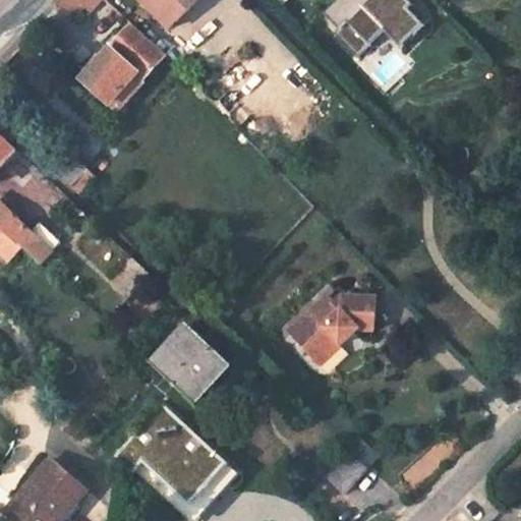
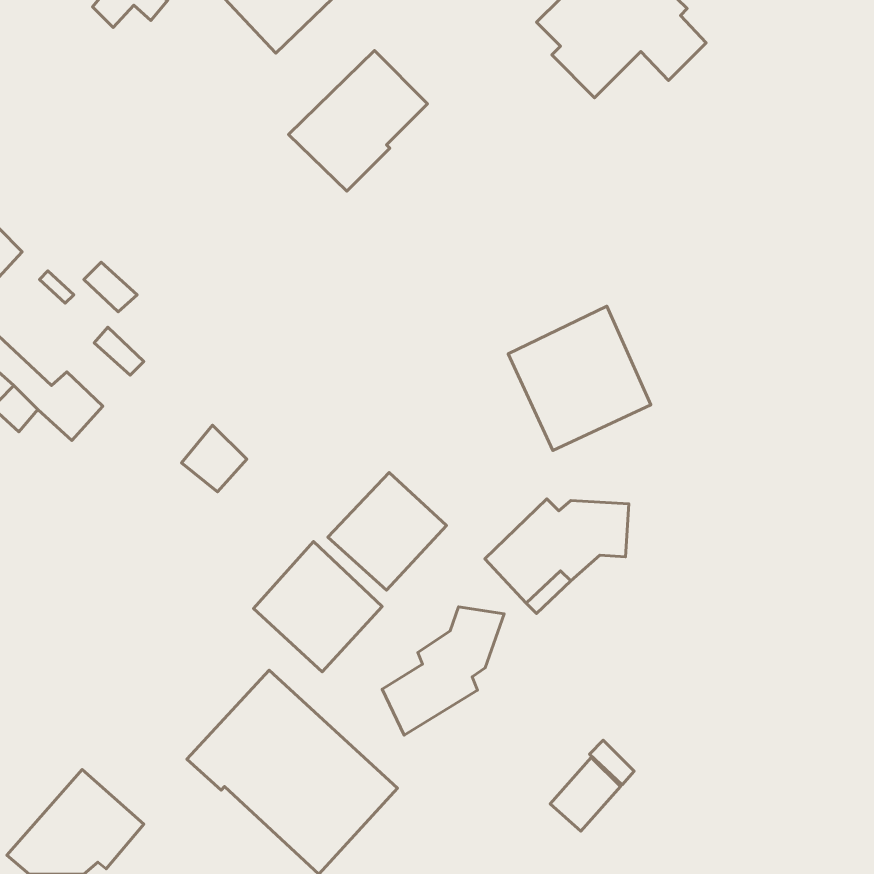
building: [78,26,161,110] -> [289,51,427,191]
building: none -> [508,306,651,450]
building: none -> [328,473,447,590]
building: none -> [382,607,504,735]

